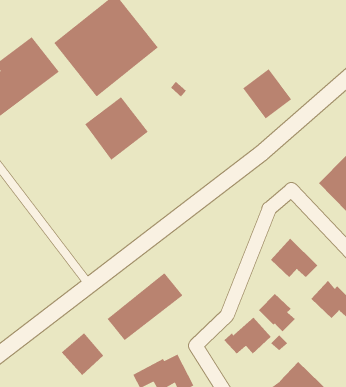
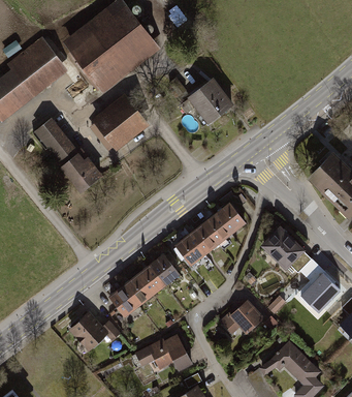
building: [242,68,292,119] -> [189,80,235,127]
building: none -> [30,116,103,197]
building: none -> [175,204,248,271]

